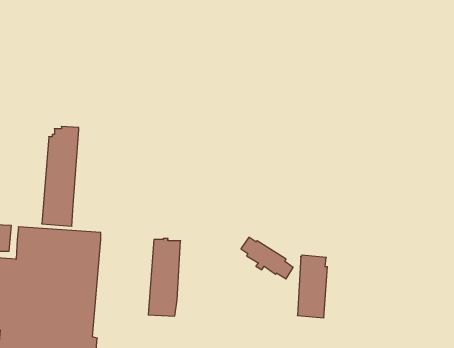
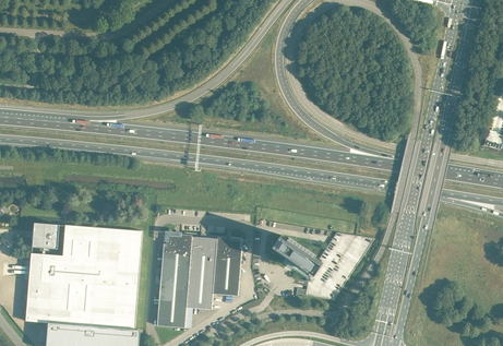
building: [42,126,79,226] -> [156,234,191,327]
building: [297,255,327,318] -> [213,237,241,296]

